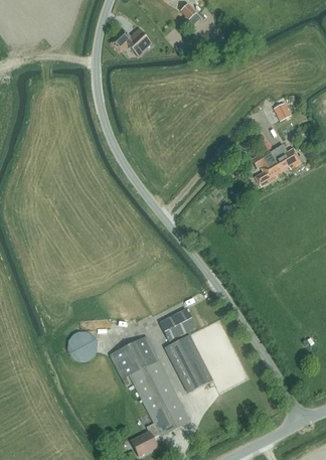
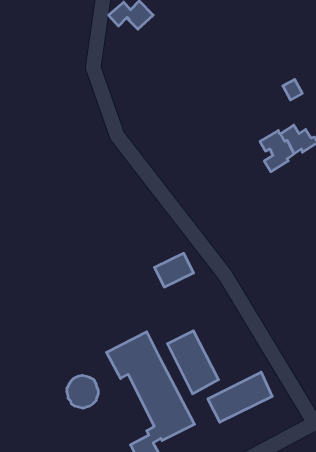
building: [159,309,195,340] -> [154,253,194,287]
building: [67,331,97,361] -> [67,375,98,408]
building: none -> [208,372,272,422]

